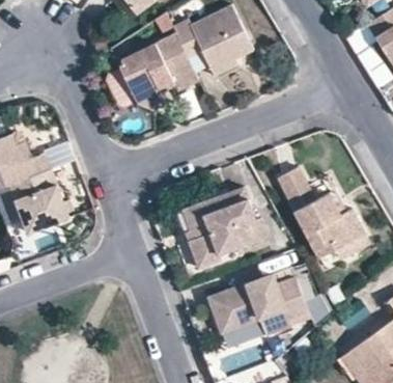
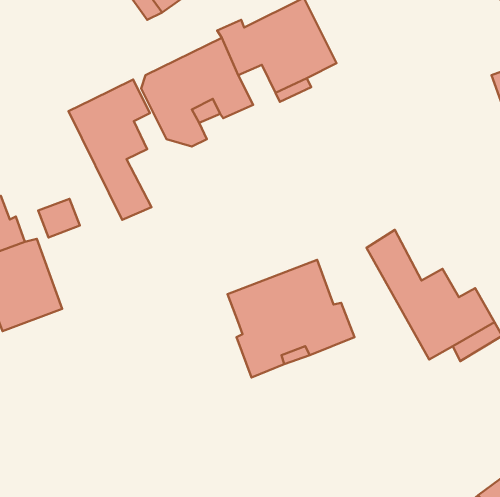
building: none -> [68,80,152,220]
building: [205,274,306,335] -> none

